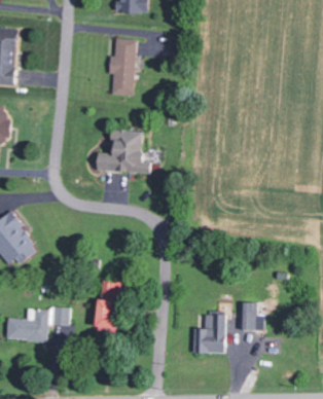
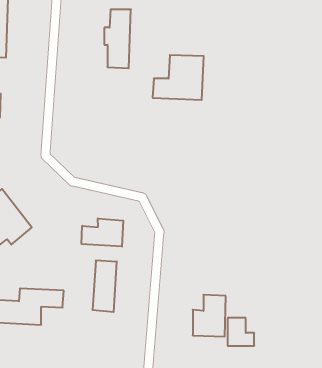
building: [97,131,146,174] -> [153,55,204,100]
building: none -> [82,218,123,247]
building: [238,302,263,329] -> [228,318,254,346]

